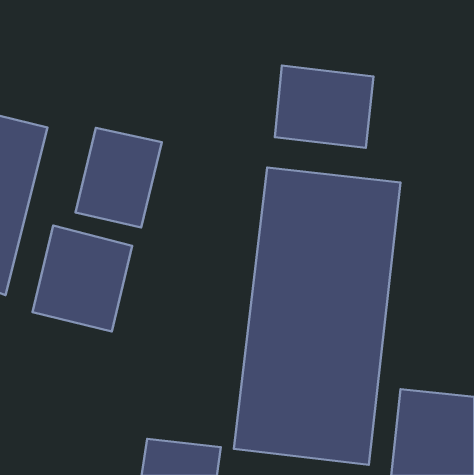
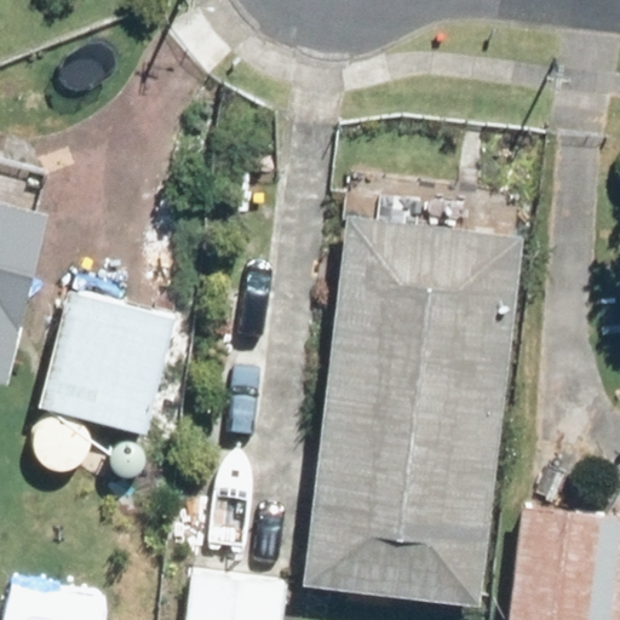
building: [275,66,373,148] -> none
building: [76,128,162,228] -> none

